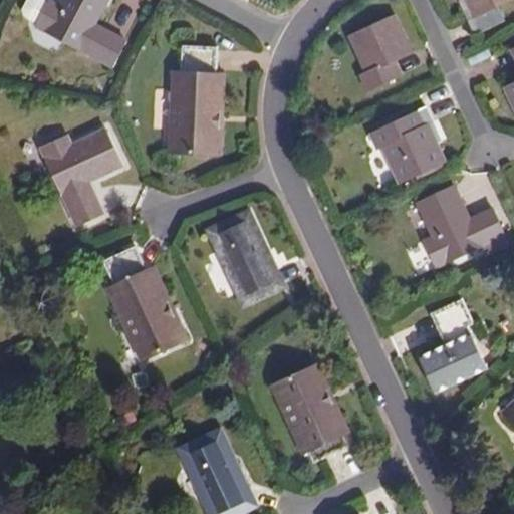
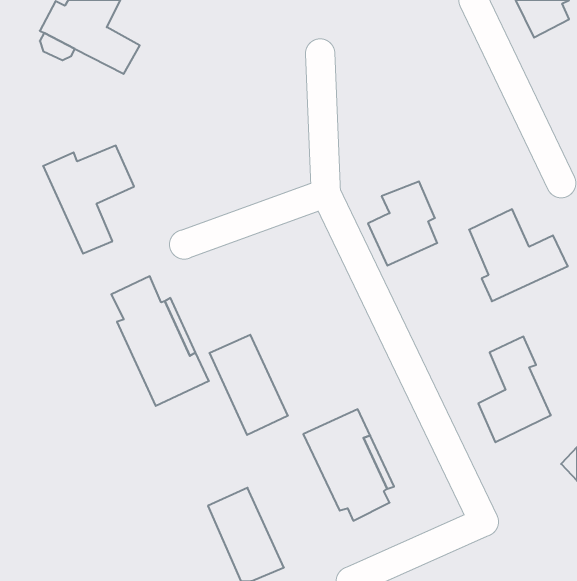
building: [349,15,411,89] -> none
building: [169,44,220,153] -> none
building: [381,108,443,183] -> [368,181,437,266]
building: [209,210,278,298] -> [209,335,288,435]

